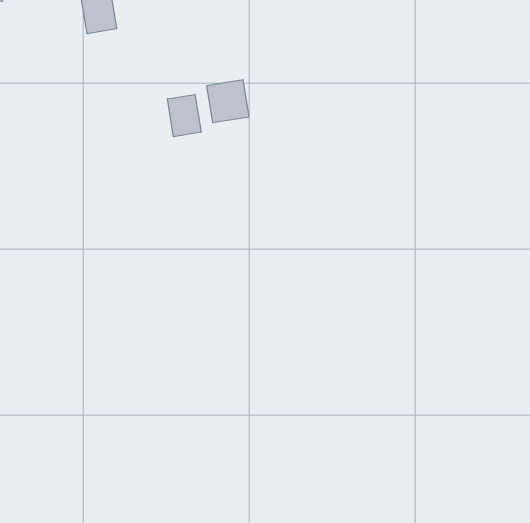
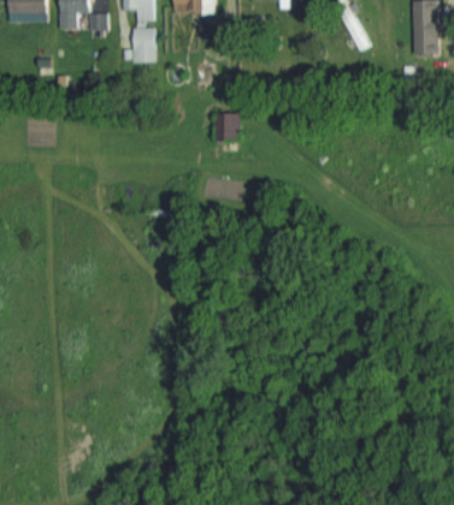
building: [167,94,201,137] -> none

